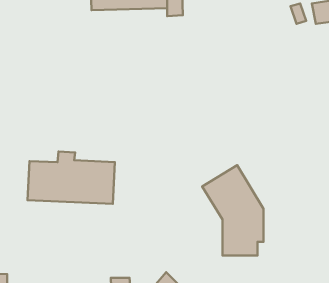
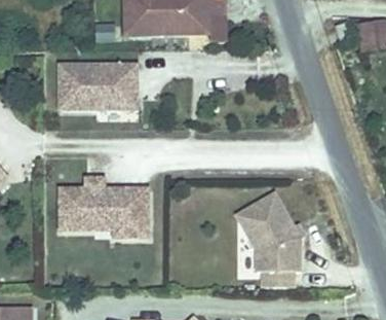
building: none -> [57,66,133,109]

